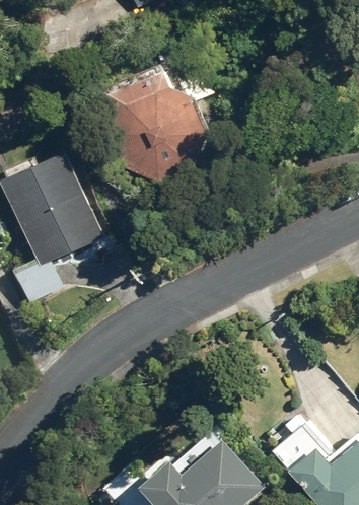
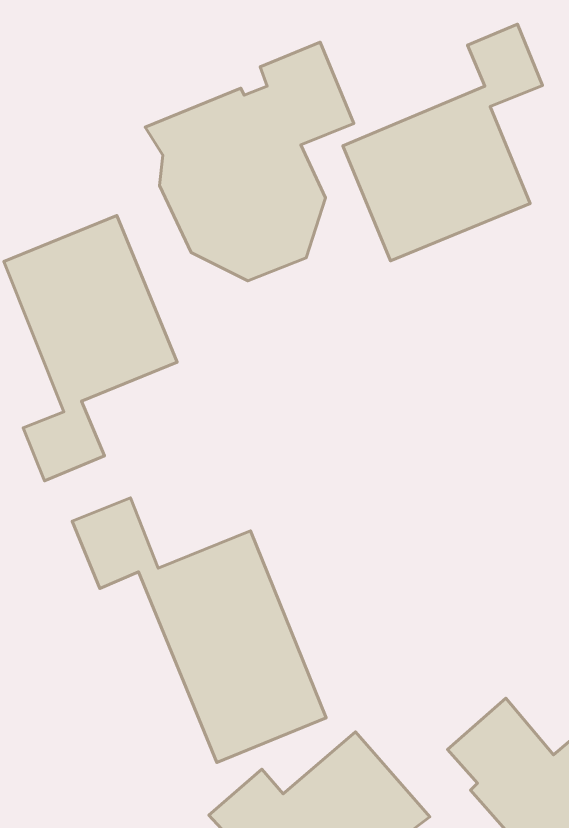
building: none -> [343,24,543,261]
building: none -> [72,498,326,762]

